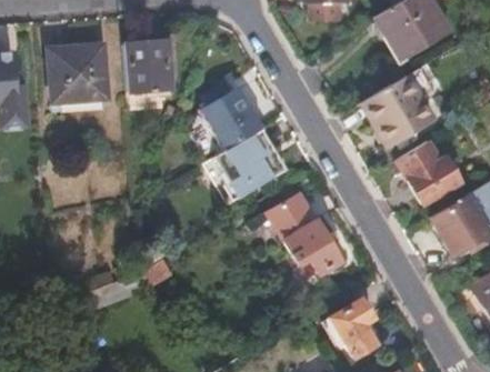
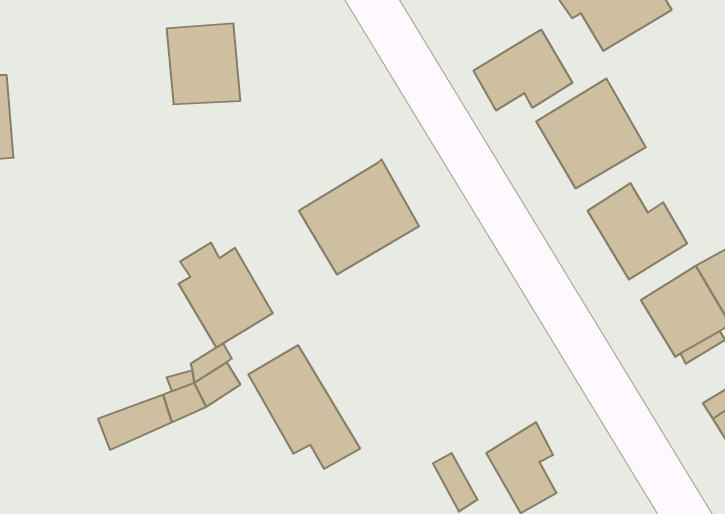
building: none -> [474,30,572,111]
building: [50,44,107,102] -> none
building: [200,83,261,151] -> [178,243,273,347]
building: [269,194,341,274] -> [248,345,360,469]

